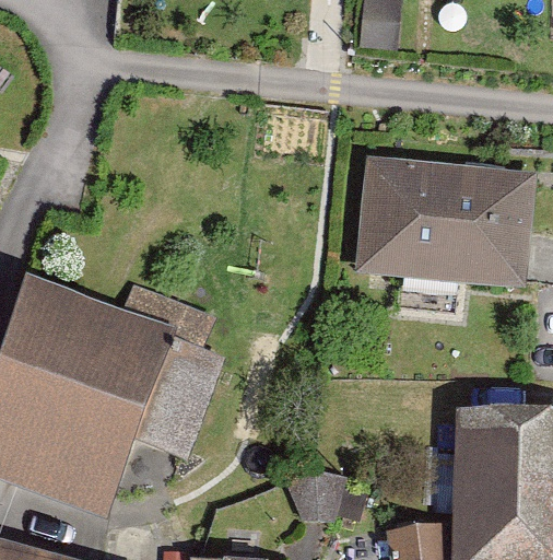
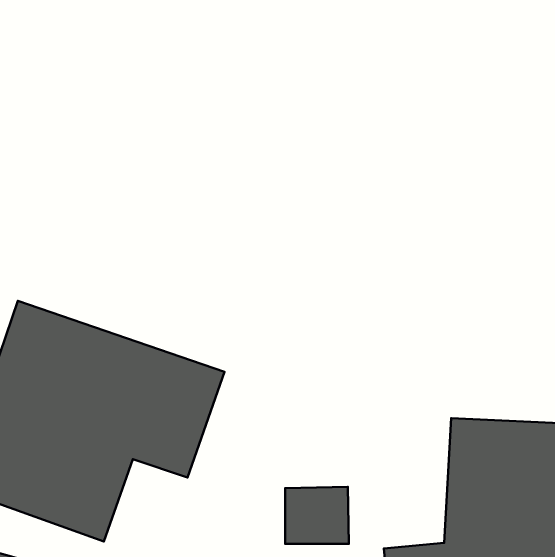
building: [349,155,531,285] -> none

